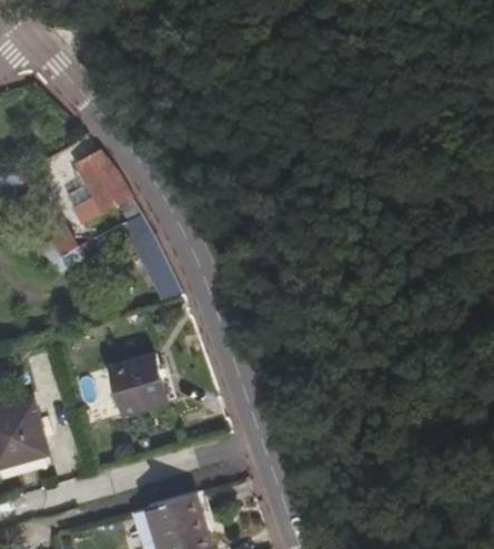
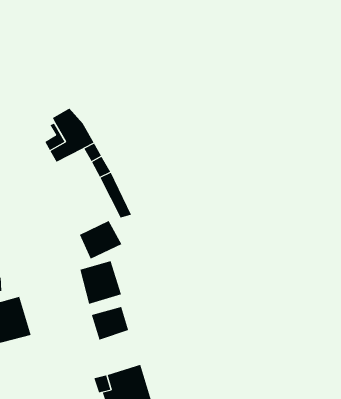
building: none -> [79,220,122,260]
building: none -> [91,306,129,340]

